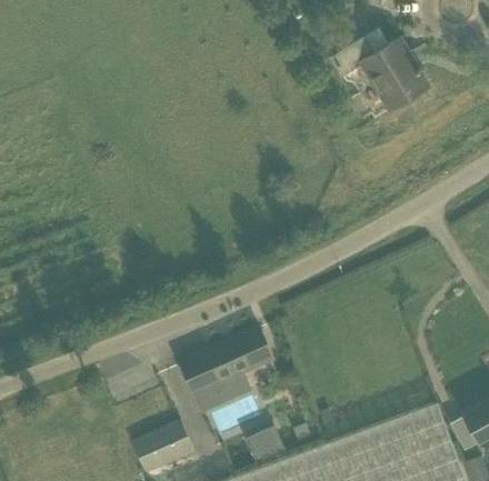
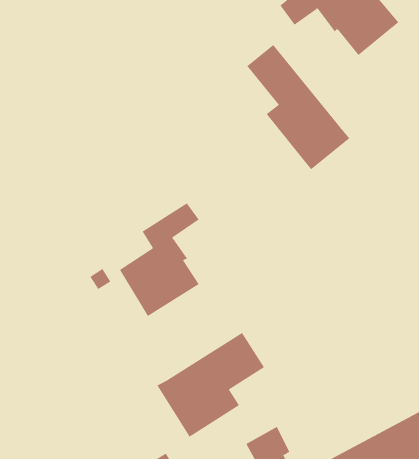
building: none -> [246,44,350,170]
building: none -> [119,202,199,317]

